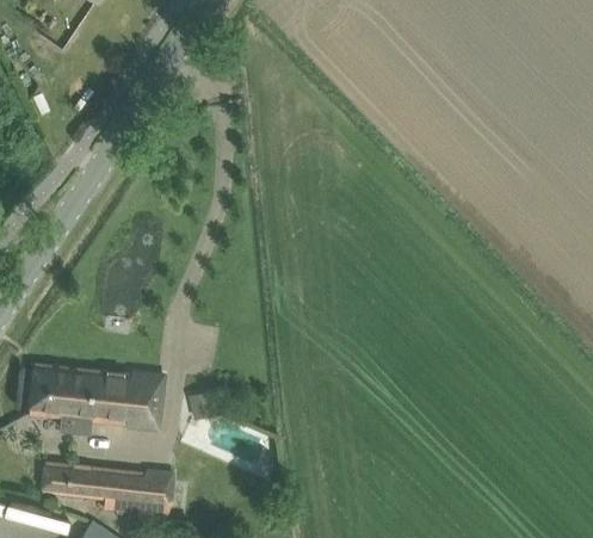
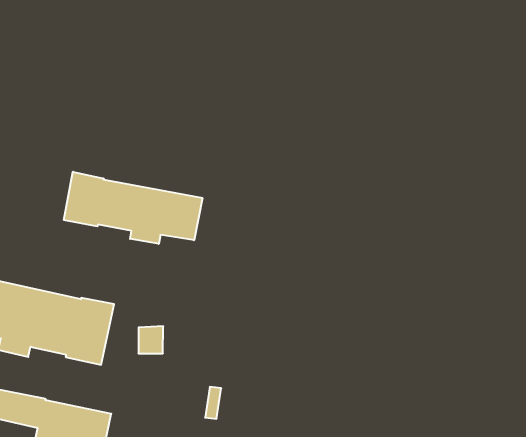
building: none -> [64,172,202,244]

